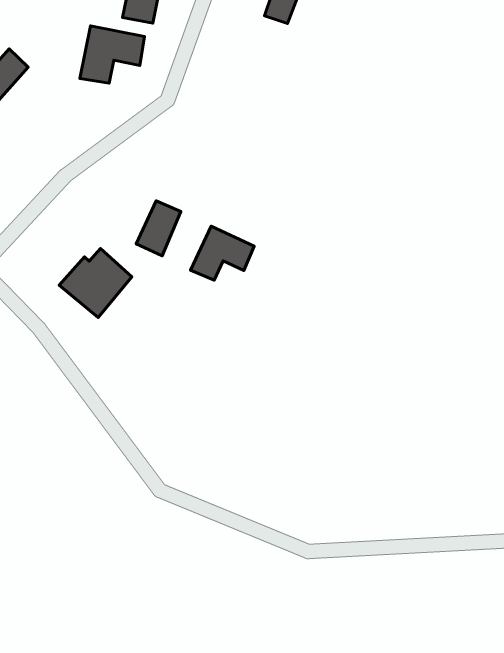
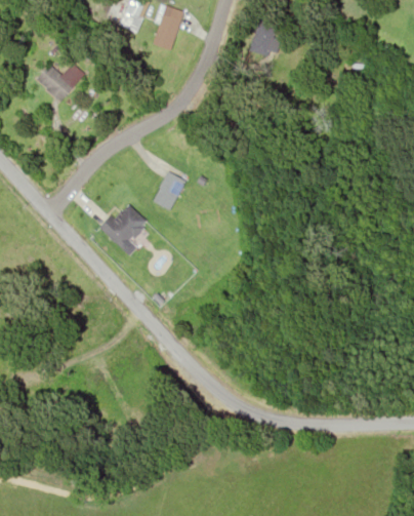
building: [80,26,144,83] -> none
building: [191,226,254,280] -> none

